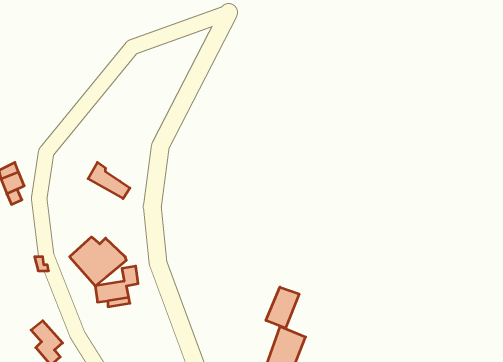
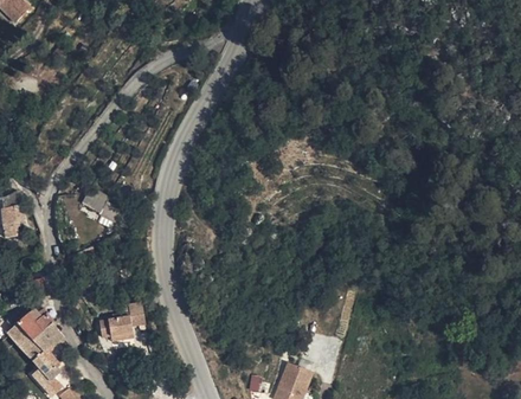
building: [70,237,126,286] -> [7,314,65,363]
building: [266,287,299,328] -> none

